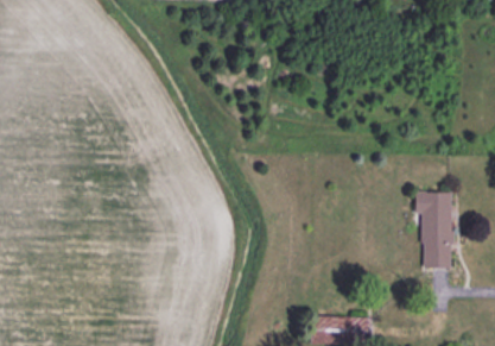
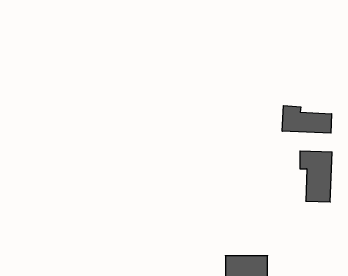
building: none -> [282,106,332,133]

